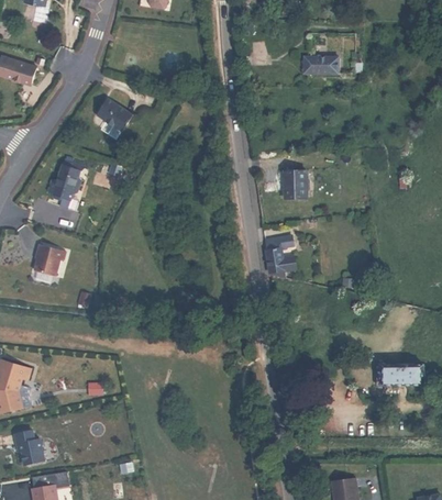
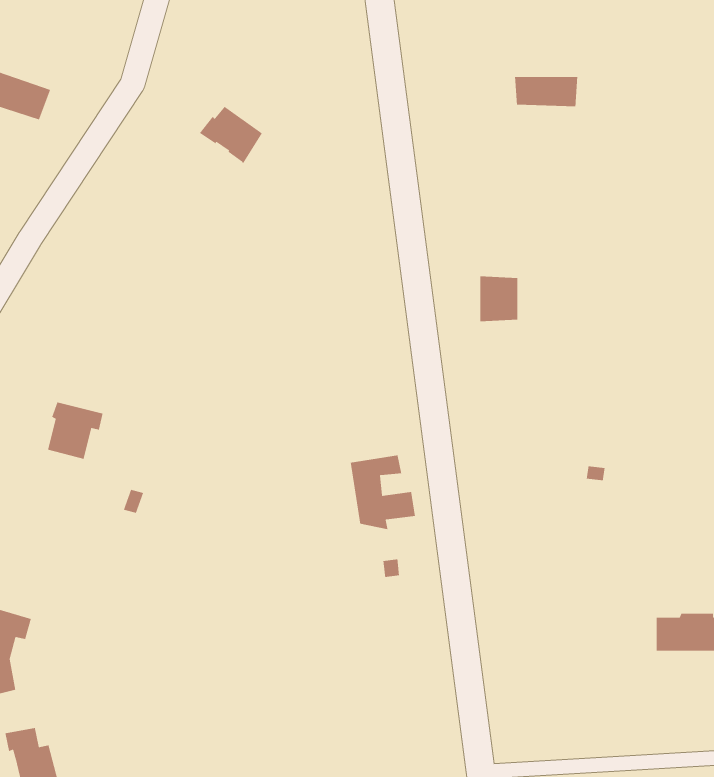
building: [97,99,133,133] -> [199,104,263,164]
building: [51,157,85,198] -> none
building: [263,234,300,277] -> [350,454,416,530]

